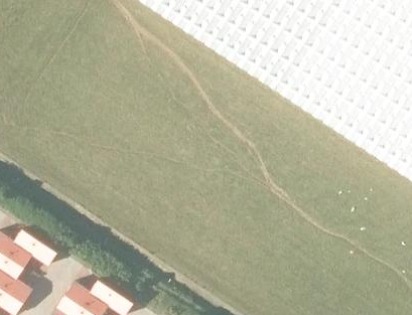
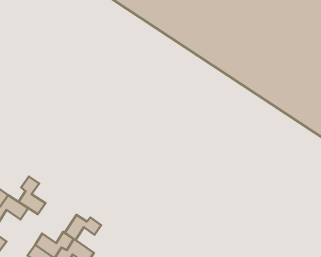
building: none -> [19,177,46,214]
building: none -> [65,215,101,240]

